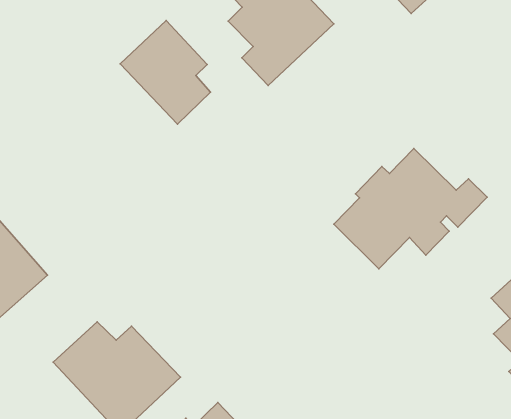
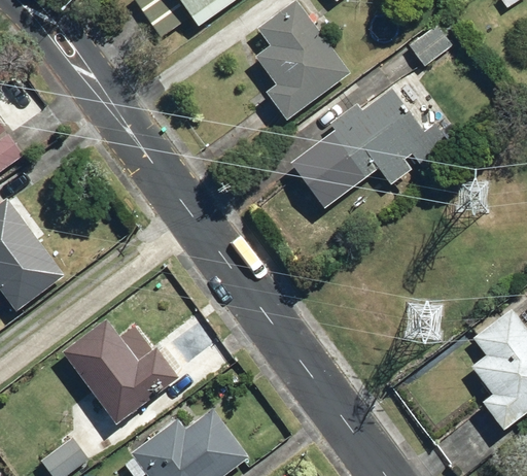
building: [120,20,211,124] -> none
building: [334,149,487,269] -> [308,89,451,196]

